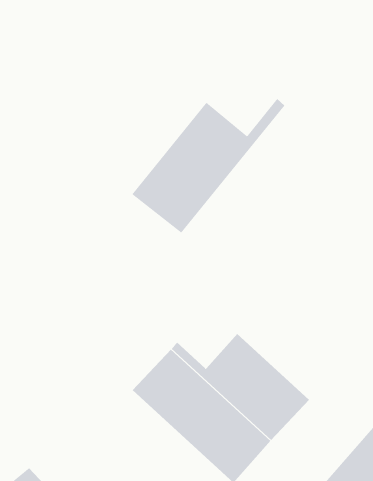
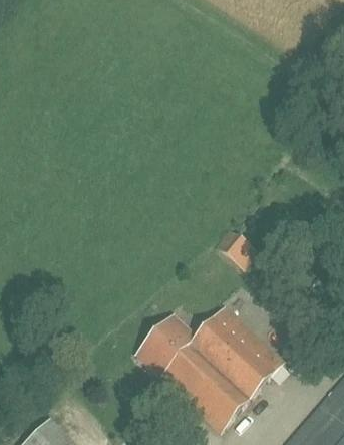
building: [131,98,285,234] -> none
building: none -> [218,231,258,269]

